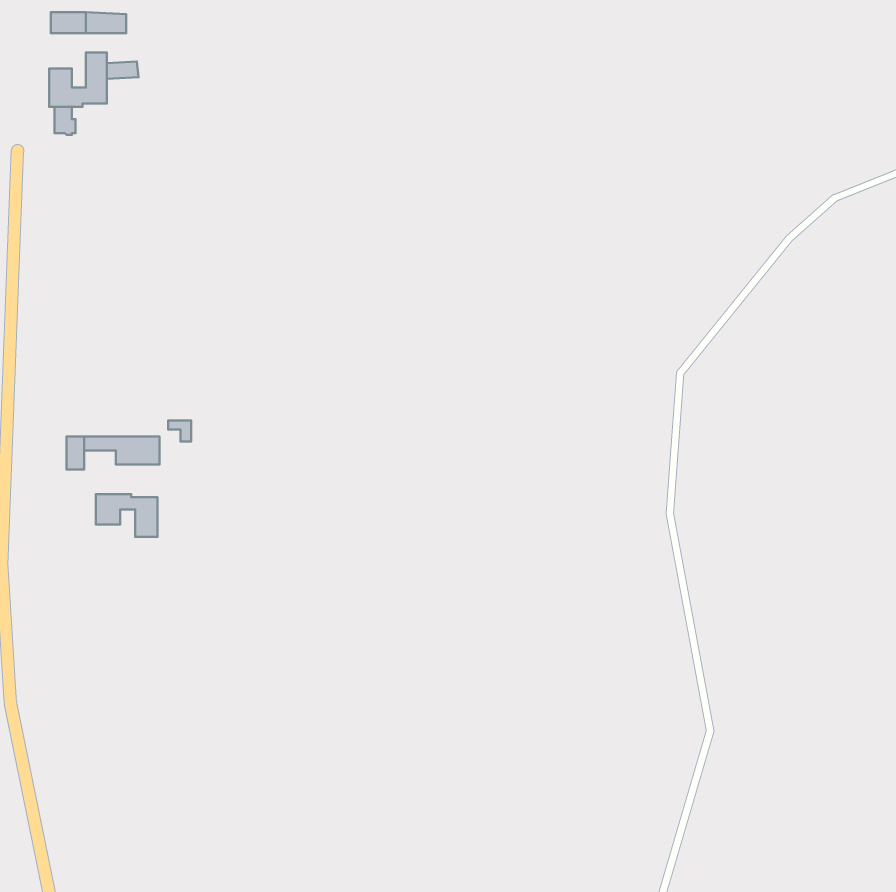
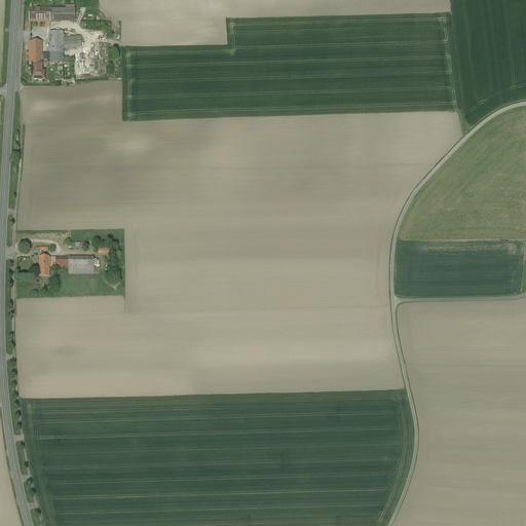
building: [96,494,157,537] -> none

